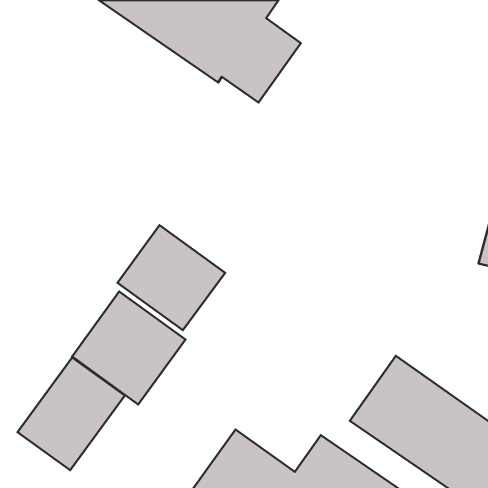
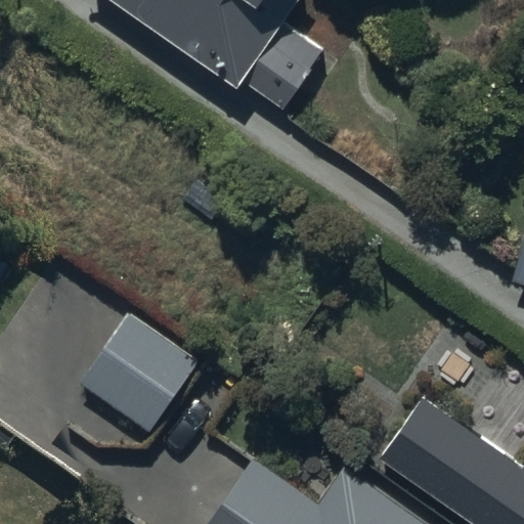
building: [117,225,225,330] -> none
building: [18,357,125,470] -> none

